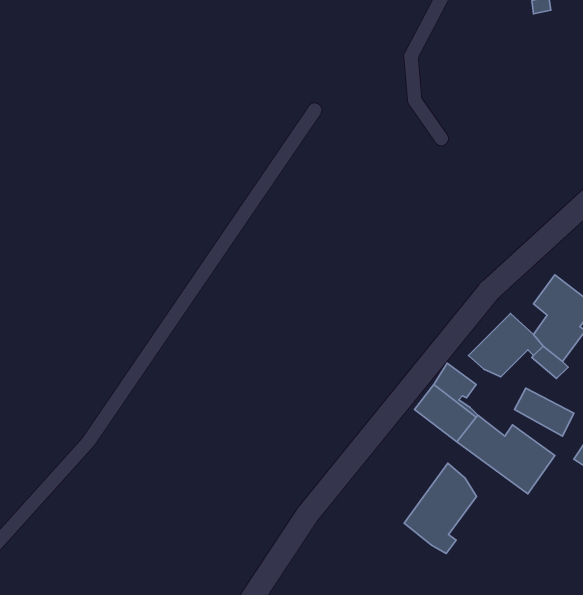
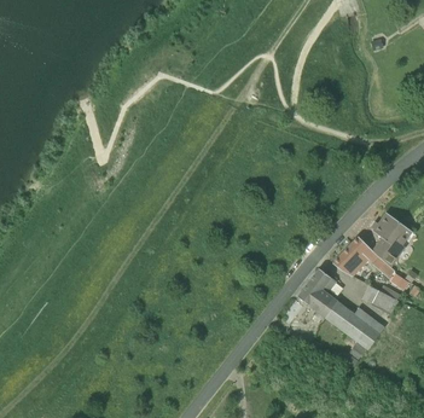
building: [404,463,476,554] -> none

